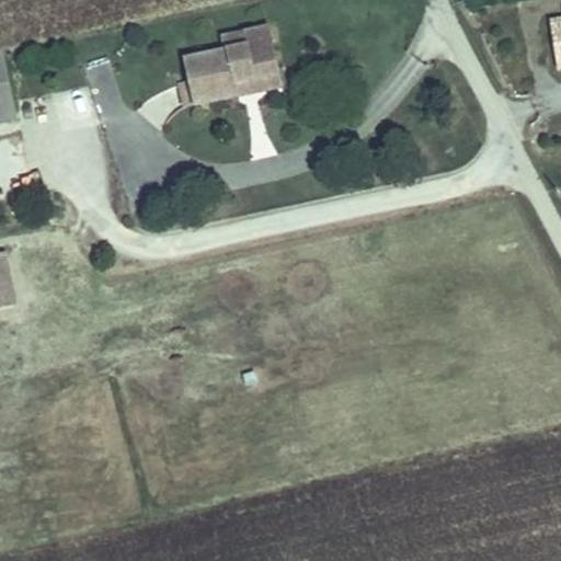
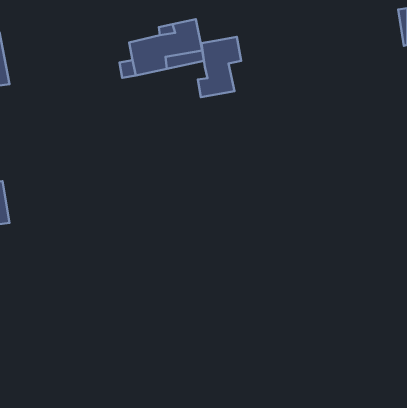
building: none -> [198,37,241,97]

